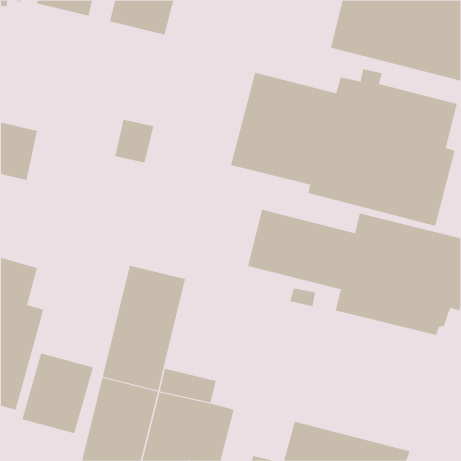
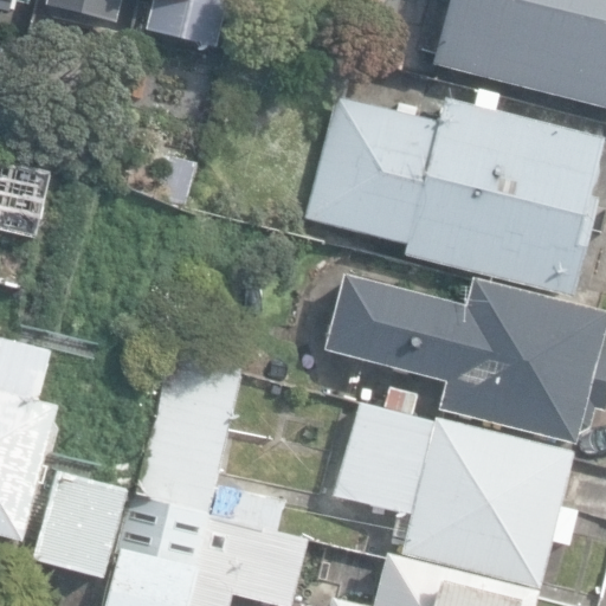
building: none -> [337,400,579,587]

